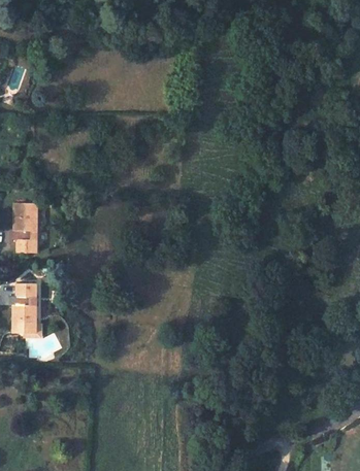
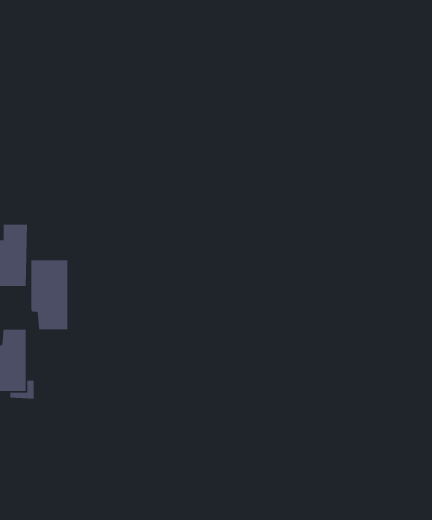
building: none -> [30,260,68,330]

